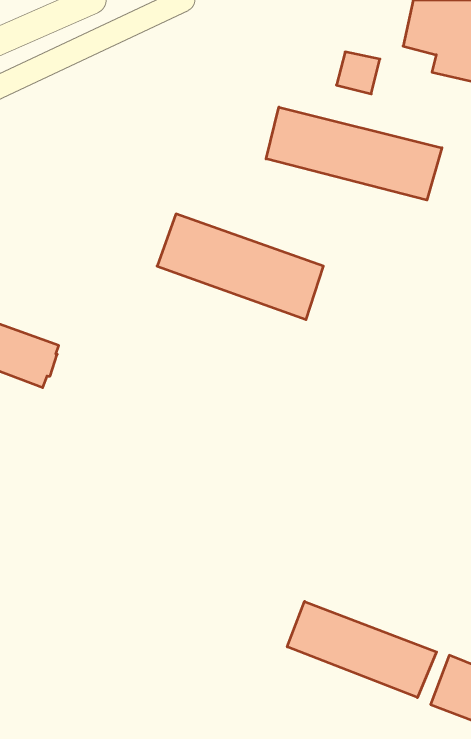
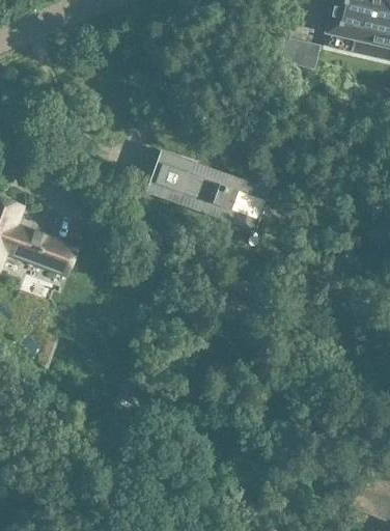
building: [266,107,442,200] -> none
building: [287,601,437,698] -> none

